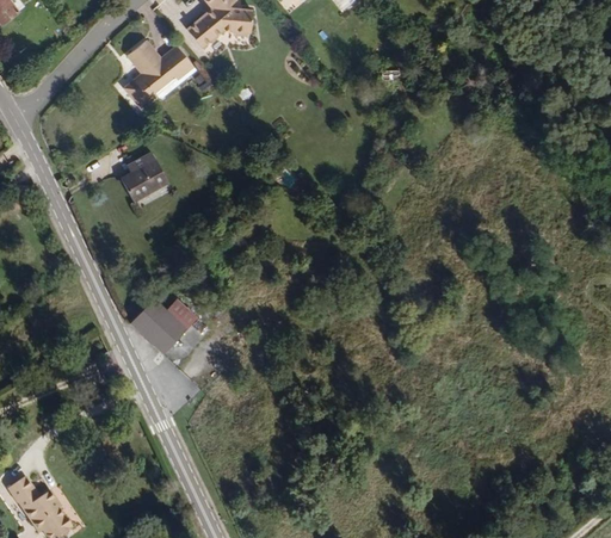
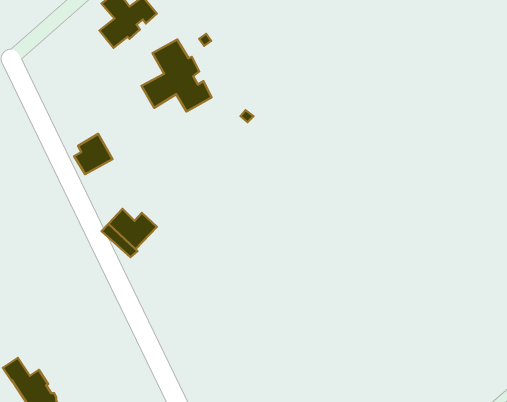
building: none -> [141,39,211,112]
building: [125,154,171,202] -> [74,134,112,174]

